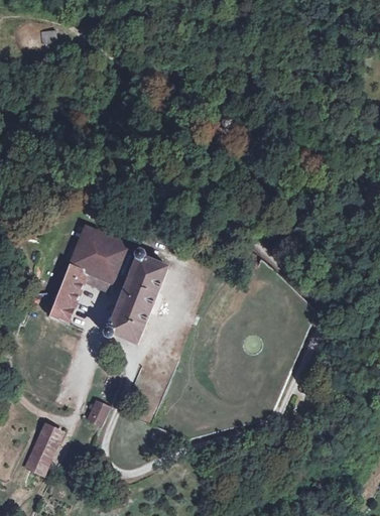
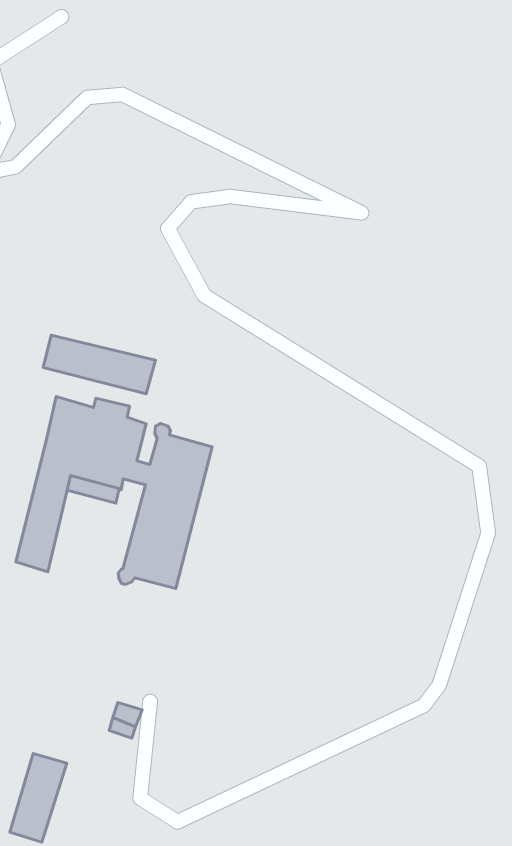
building: none -> [43,335,155,394]

